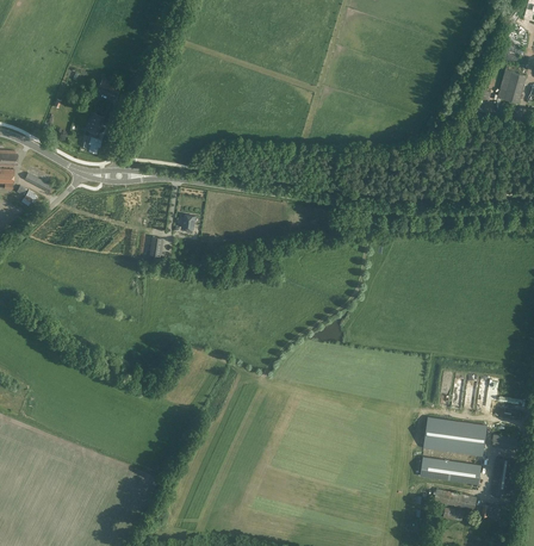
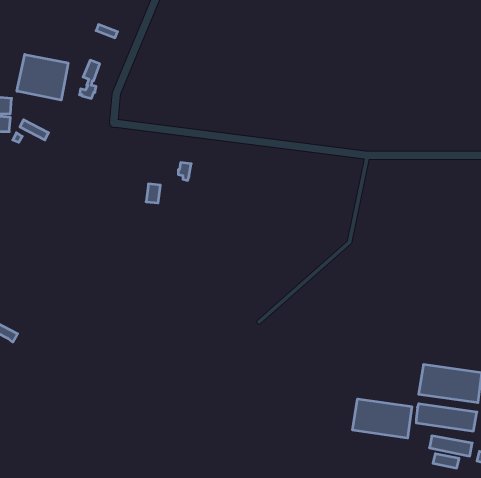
building: none -> [17,54,68,100]
building: none -> [353,399,412,438]

